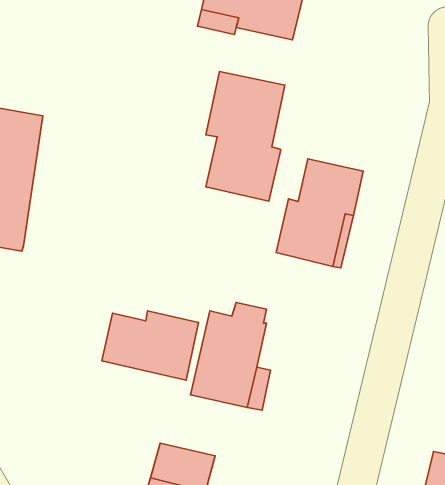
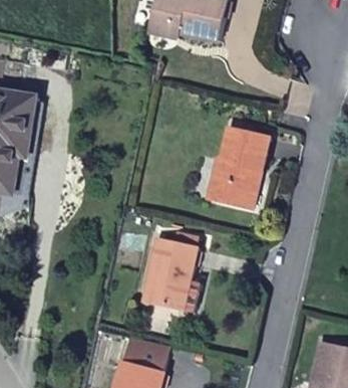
building: [206,72,285,201] -> none
building: [102,311,198,380] -> none

